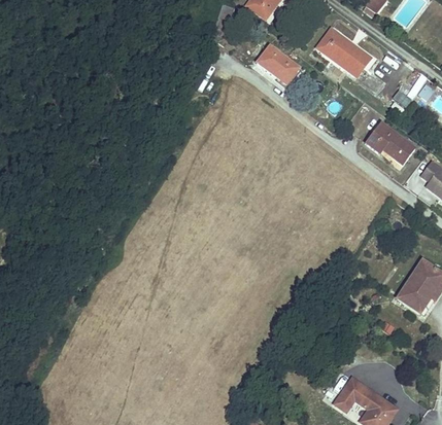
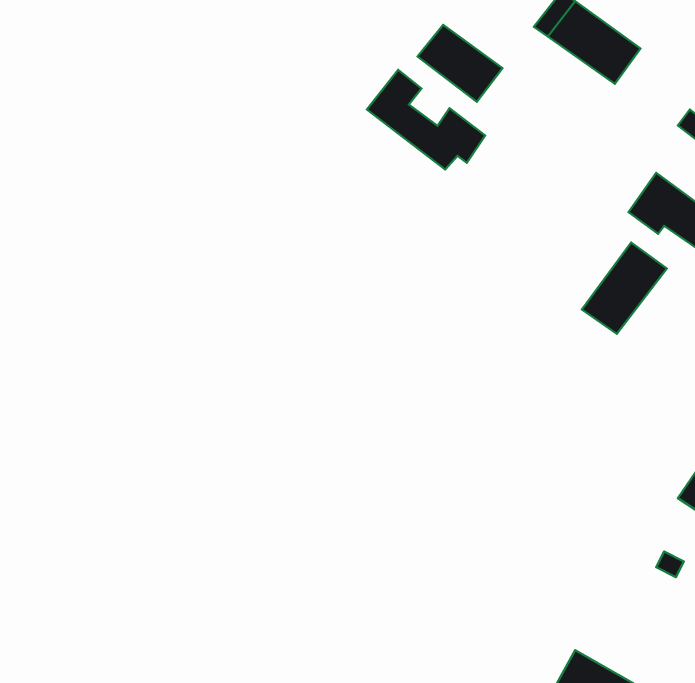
building: none -> [367,70,485,170]
building: none -> [582,242,667,334]

